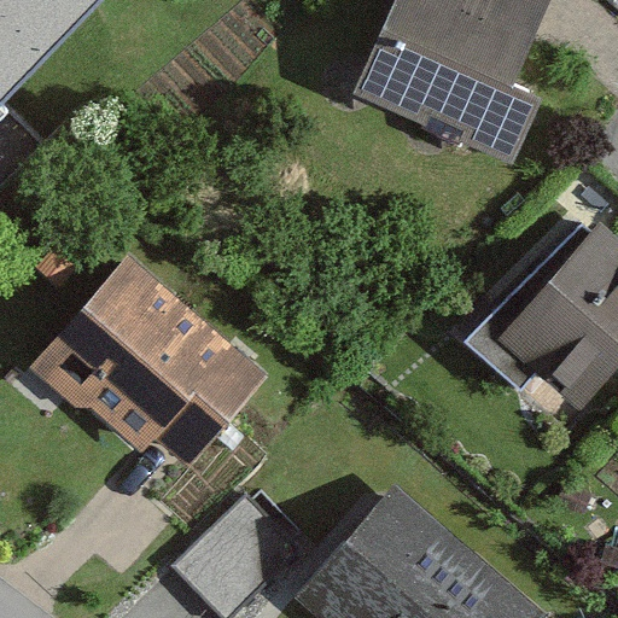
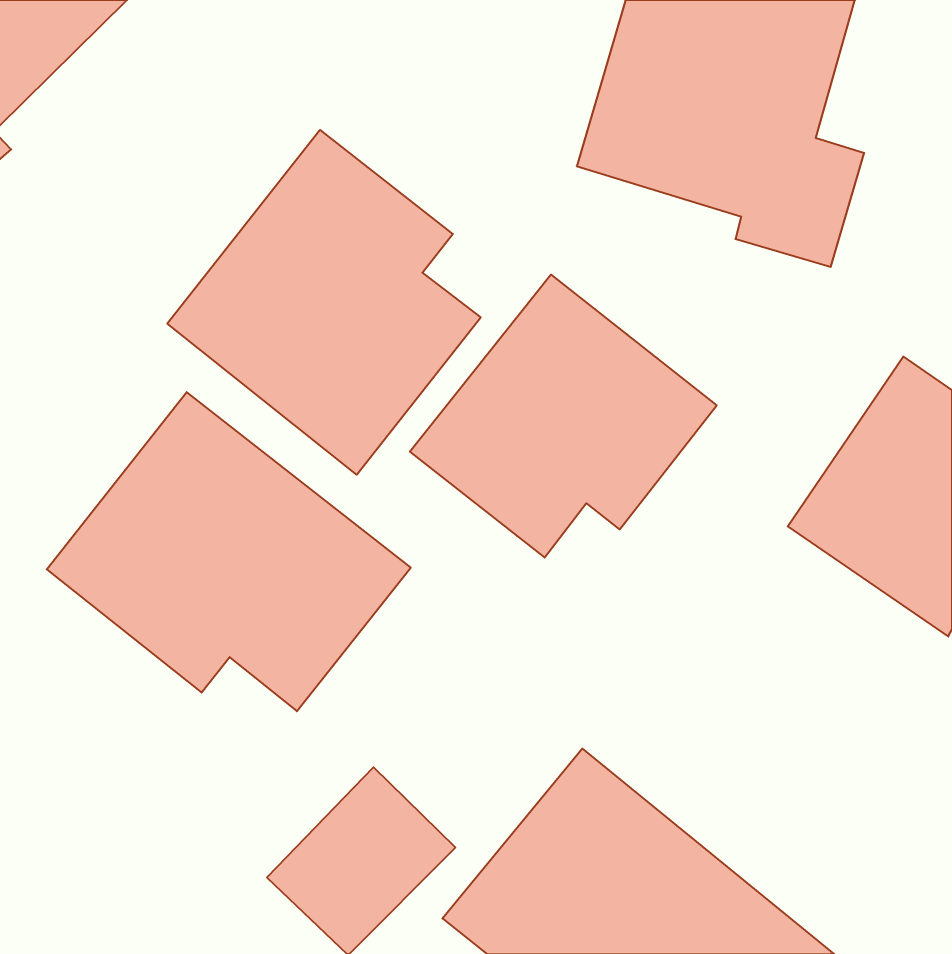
building: none -> [167,130,481,475]
building: none -> [410,275,717,558]

